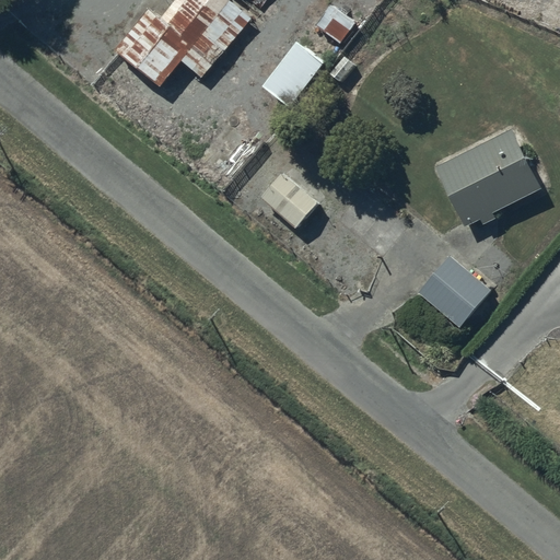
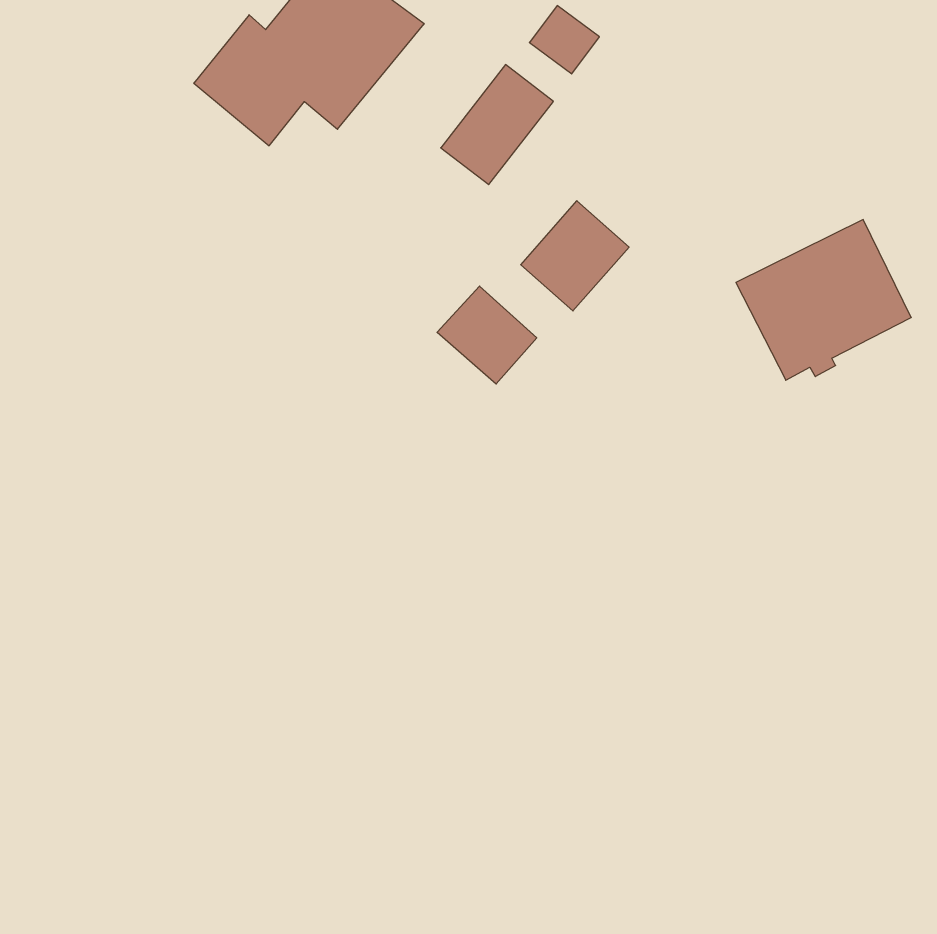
building: none -> [521,201,629,311]
building: [418,255,491,327] -> none

